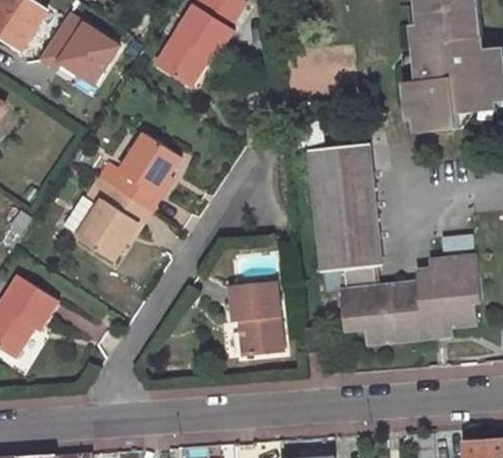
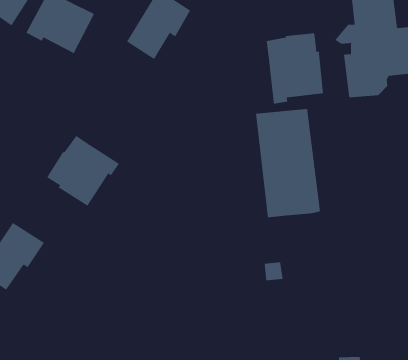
building: none -> [266,32,324,105]
building: [96,132,178,209] -> none
building: [340,254,483,346] -> none
building: [230,284,284,359] -> none

